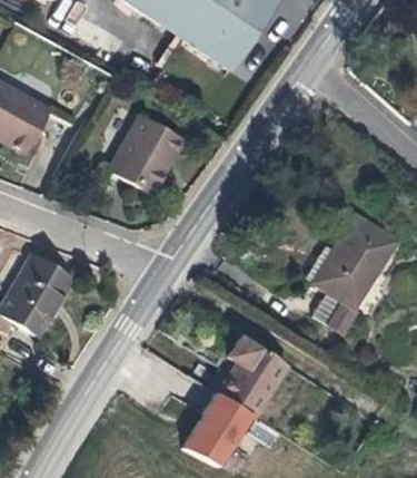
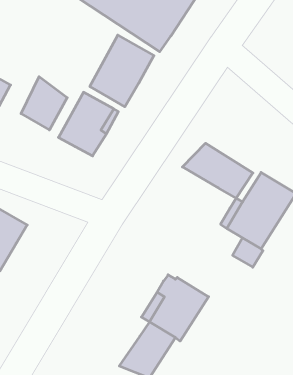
building: none -> [90,35,154,107]
building: none -> [21,77,67,130]
building: none -> [182,143,253,198]

